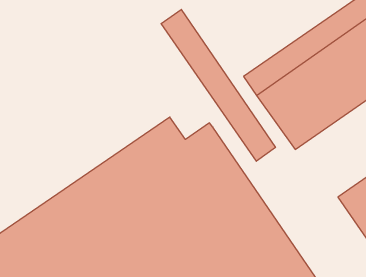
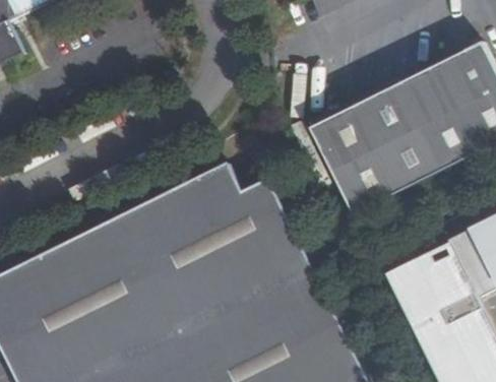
building: [161,9,275,161] -> none

